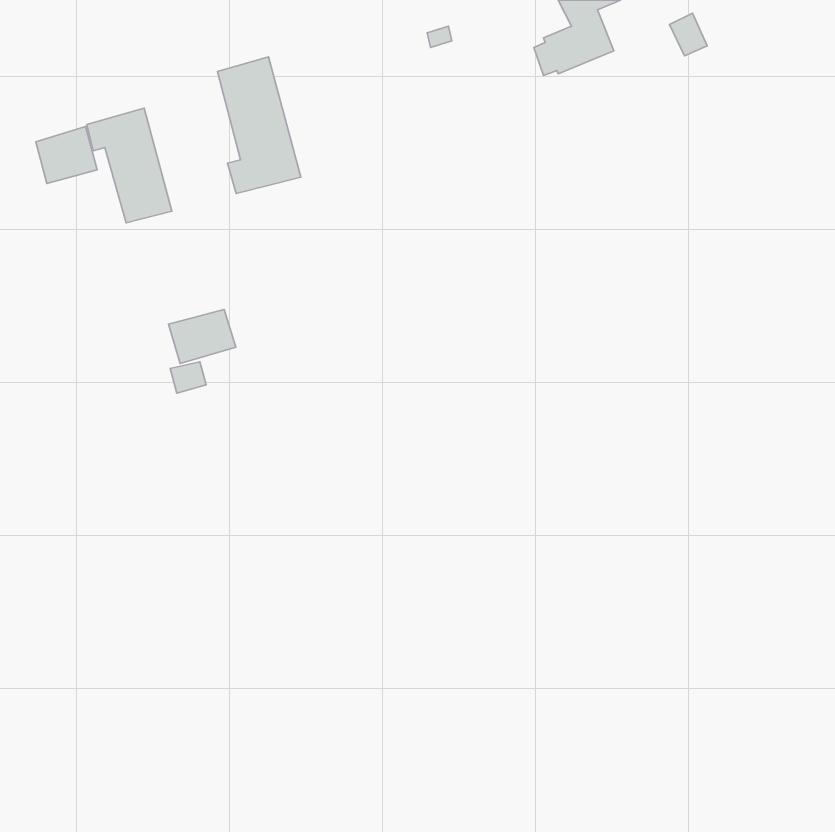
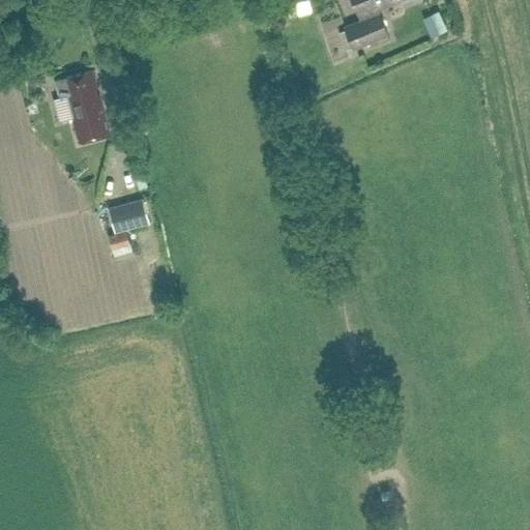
building: [218,57,301,193] -> none
building: [36,127,97,183] -> none

